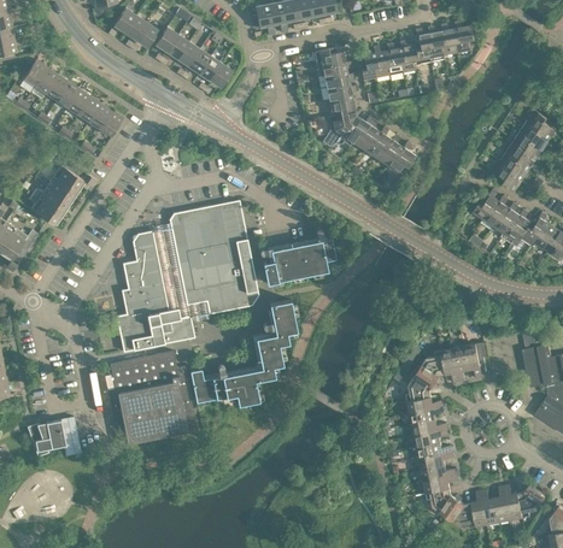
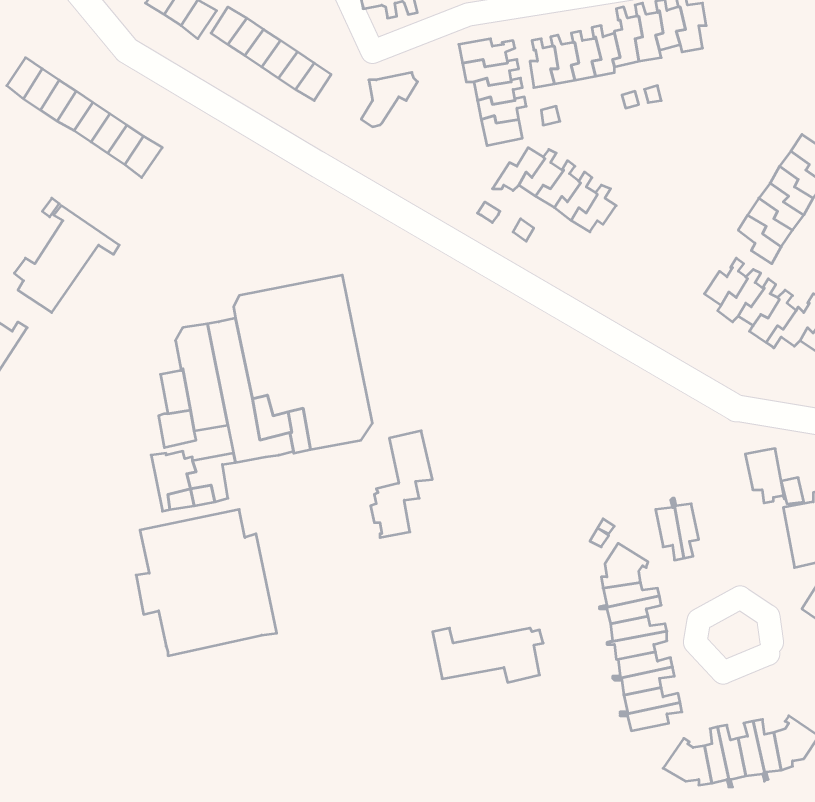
building: [323,112,359,147] -> [361,72,418,127]
building: [263,238,336,284] -> none
building: [125,296,170,319] -> none
building: [163,317,195,343] -> none
building: [464,343,489,378] -> [745,449,785,503]
building: [417,350,446,384] -> none
building: [190,370,262,405] -> [433,628,543,682]
building: [28,417,82,456] -> none
building: [426,488,459,517] -> none

